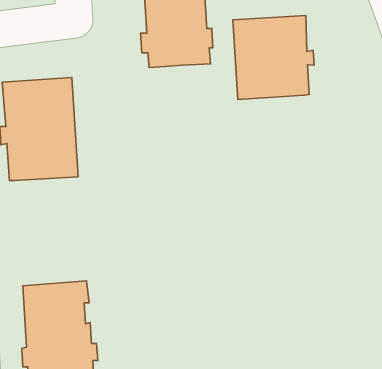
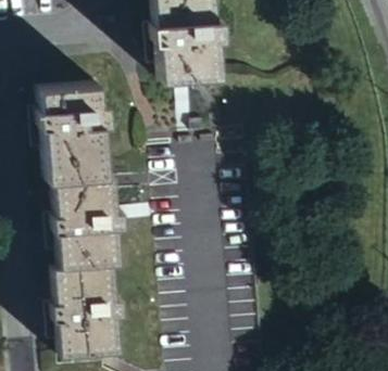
building: [233,16,314,99] -> none
building: none -> [45,169,114,267]

